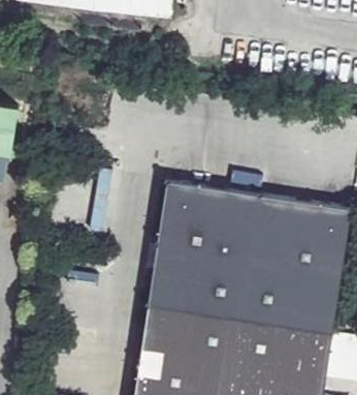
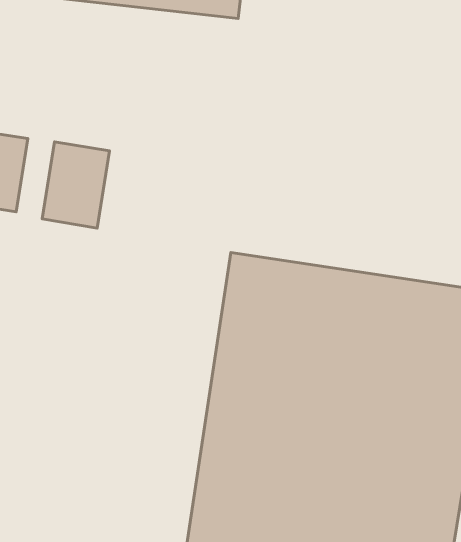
building: none -> [42,142,109,228]

